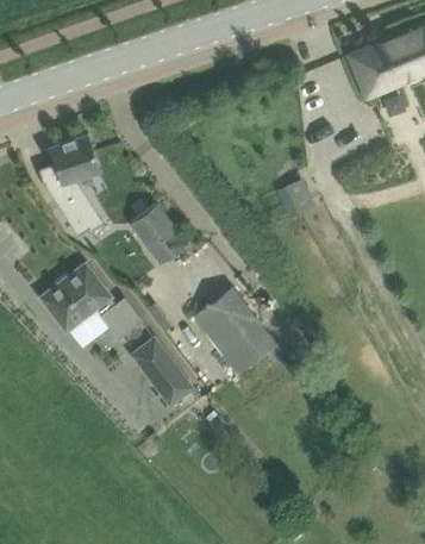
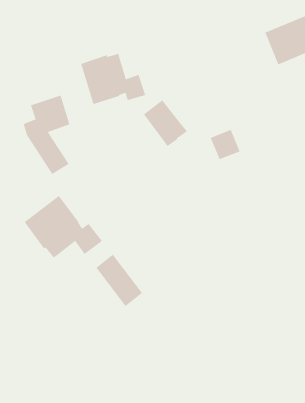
building: none -> [80,53,146,105]
building: [131,204,188,264] -> [143,100,188,147]
building: [194,287,277,375] -> none

